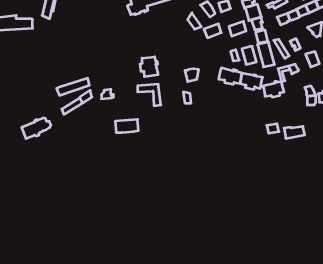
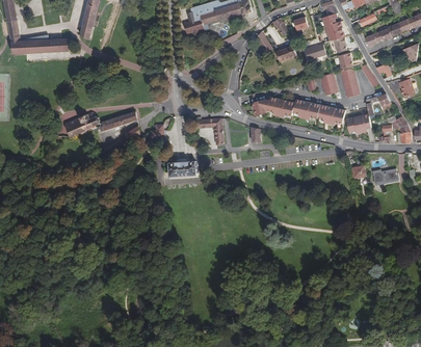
building: [140,57,158,77] -> none
building: none -> [266,97,294,116]
building: [22,118,51,139] -> [63,111,99,136]

